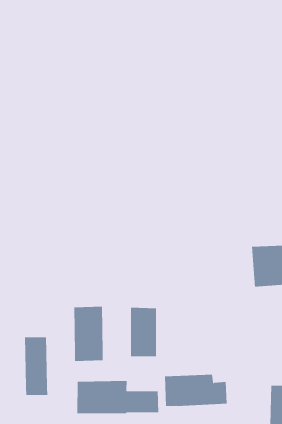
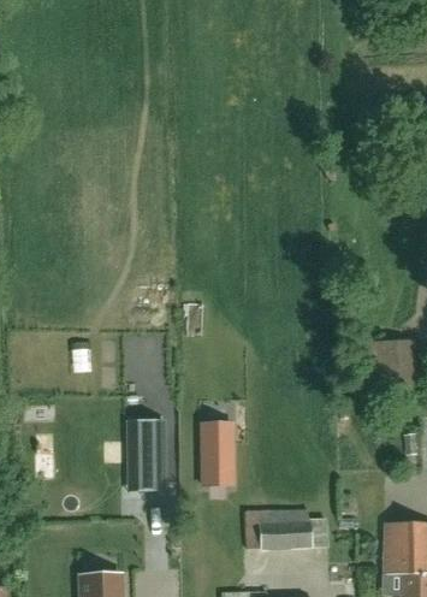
building: [24,337,48,396] -> none
building: [77,380,159,414] -> none

